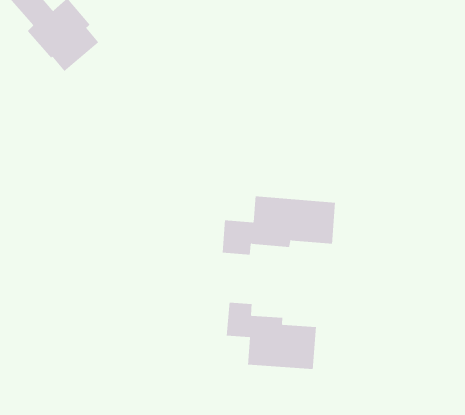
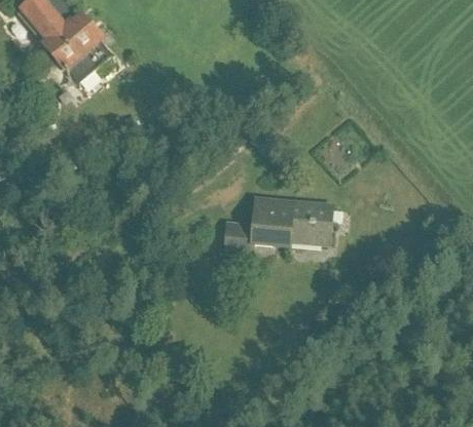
building: [226,302,316,370] -> none

